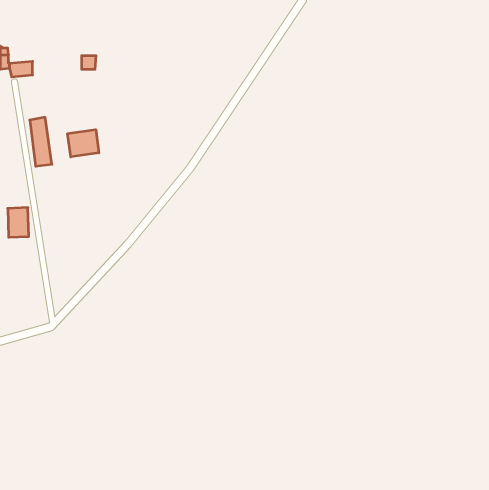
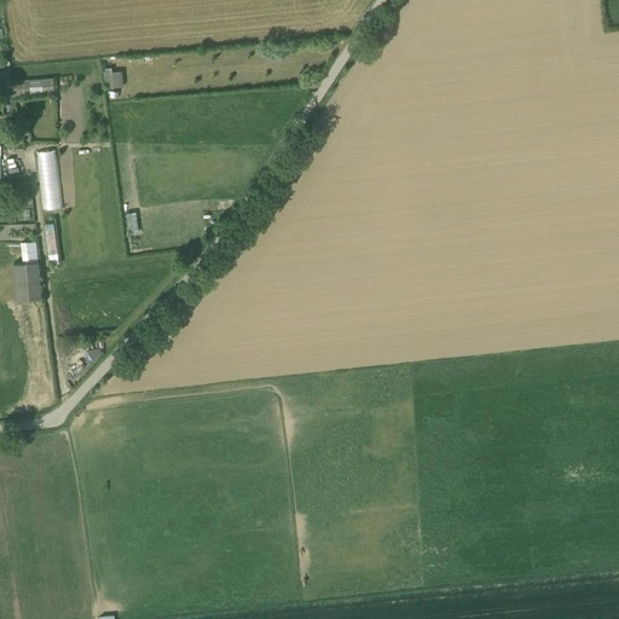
building: [68,130,99,157] -> none

